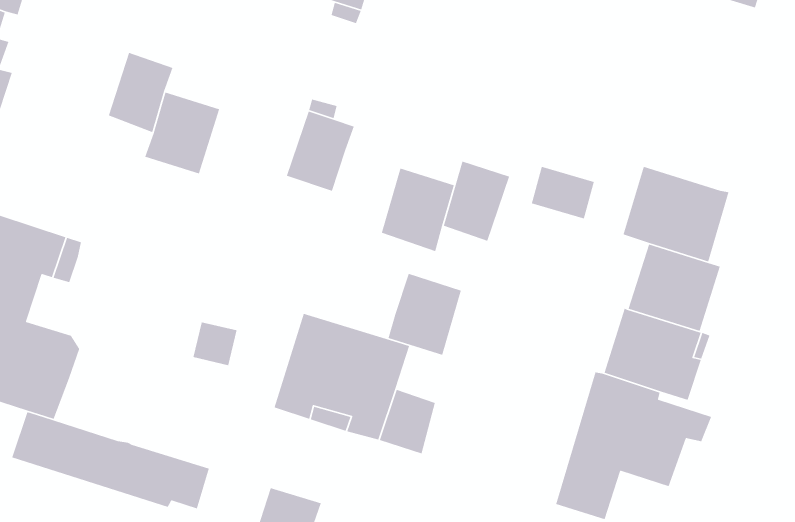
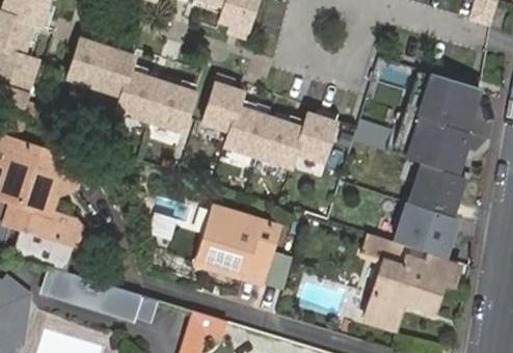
building: none -> [69,39,109,87]
building: none -> [417,74,479,132]
building: none -> [152,83,197,133]
building: [388,273,462,356] -> [227,108,272,158]

